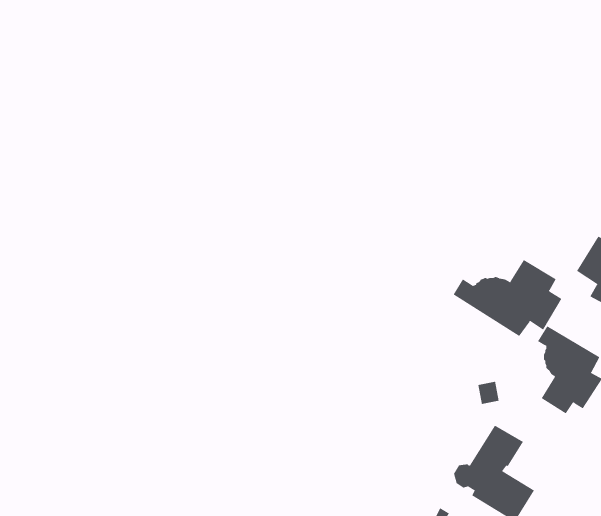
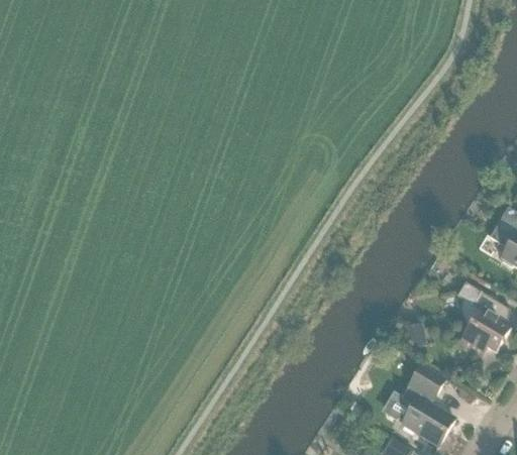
building: [453,259,562,337] -> none

